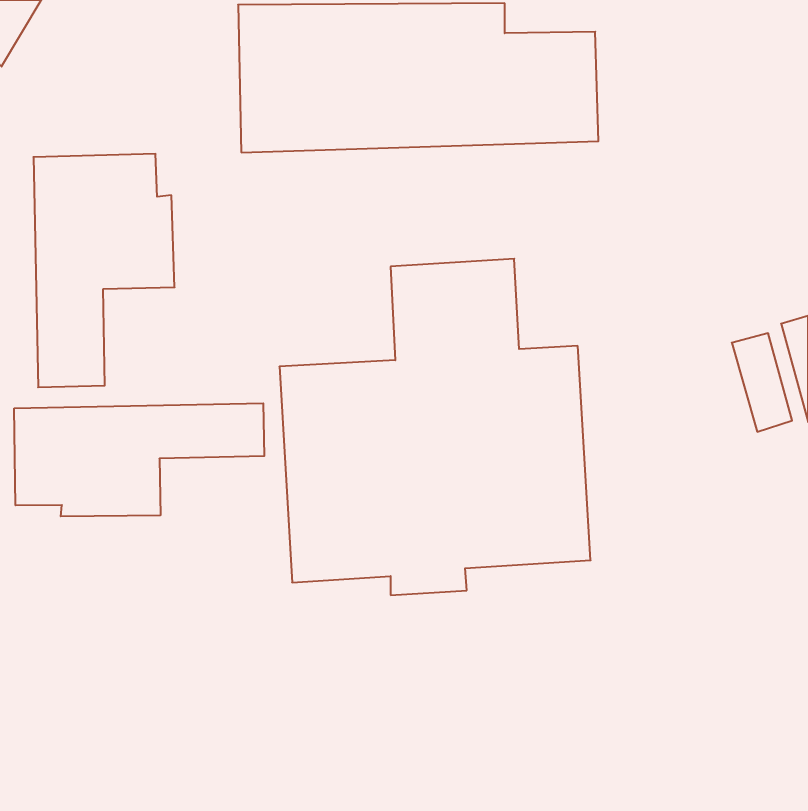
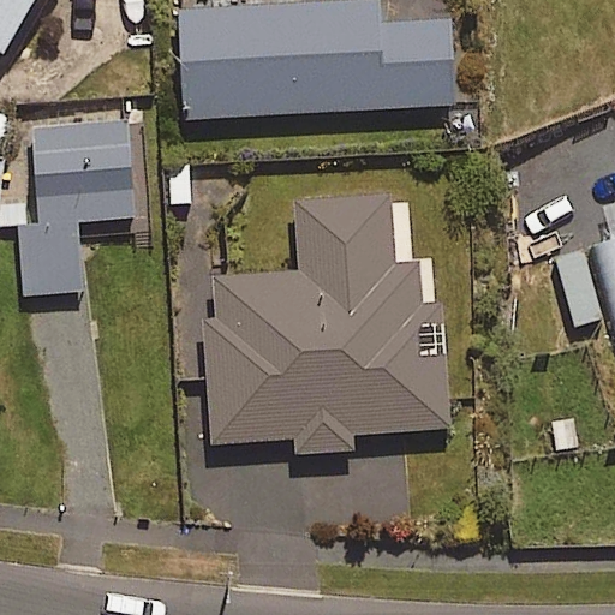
building: [14,403,264,516] -> none

